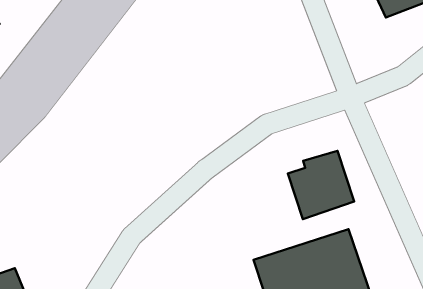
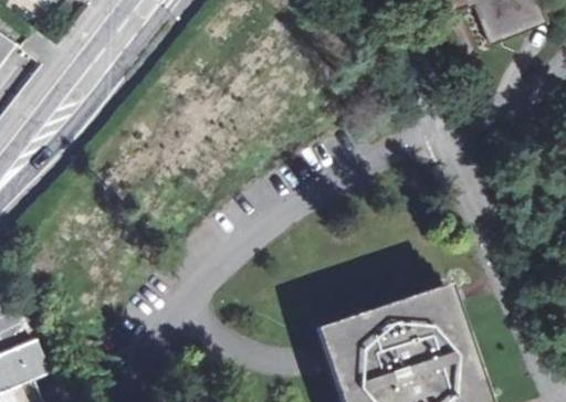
building: [288,151,354,219] -> none

